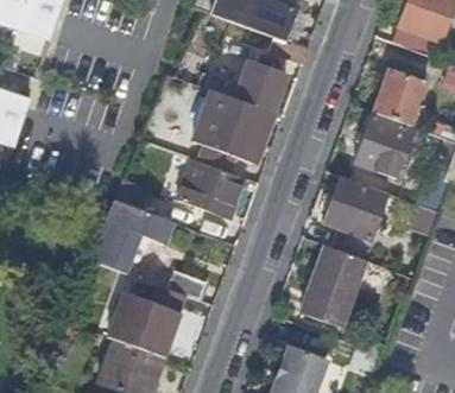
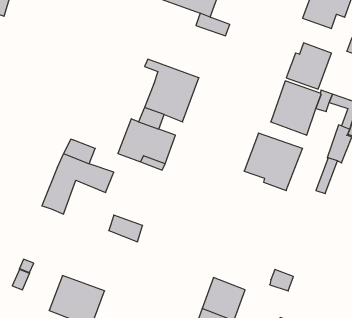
building: [177,50,286,113] -> none
building: [302,246,365,328] -> none
building: [108,290,182,359] -> none

